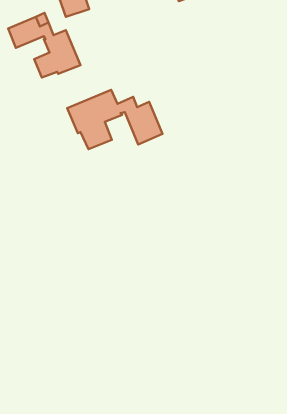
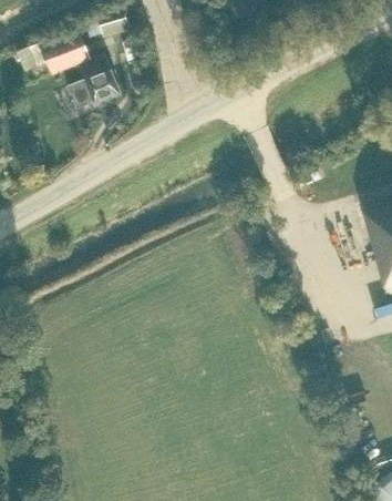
building: [67,90,163,149] -> none

